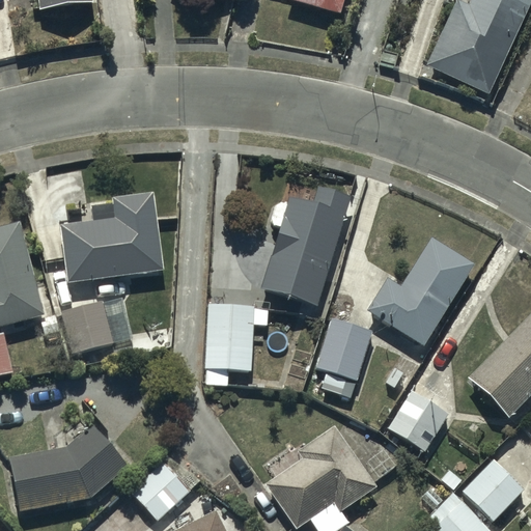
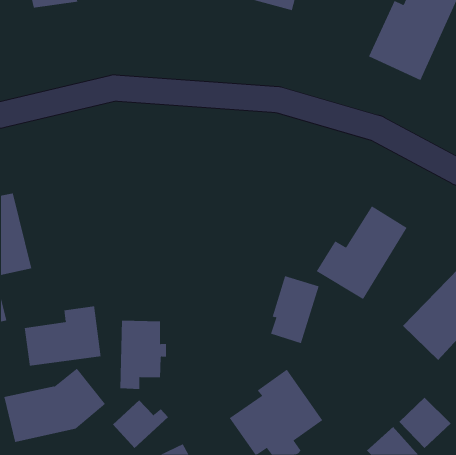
building: [260,180,352,305] -> none
building: [61,193,165,353] -> none
building: [206,303,261,383] -> [119,320,167,389]
building: none -> [24,306,101,366]
building: [389,389,451,451] -> none

